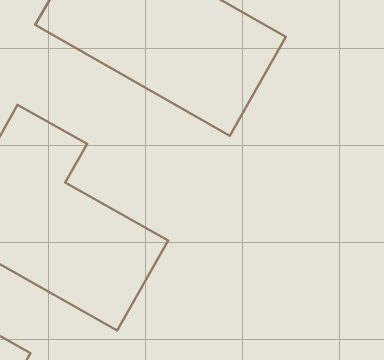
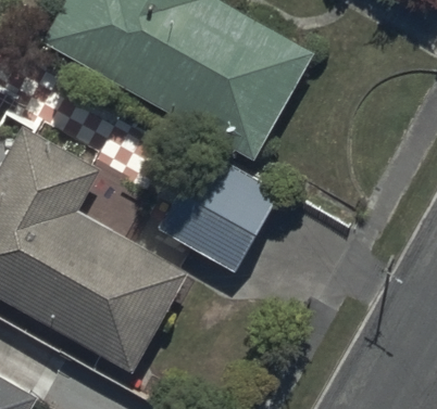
building: none -> [154,152,277,277]

